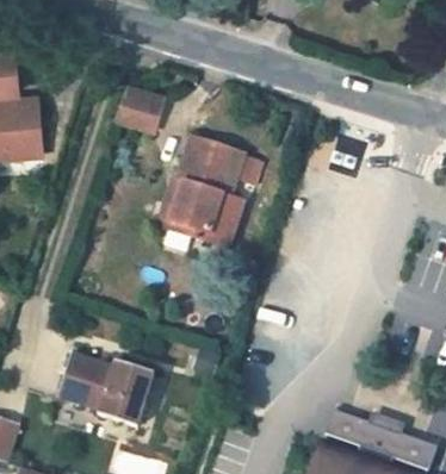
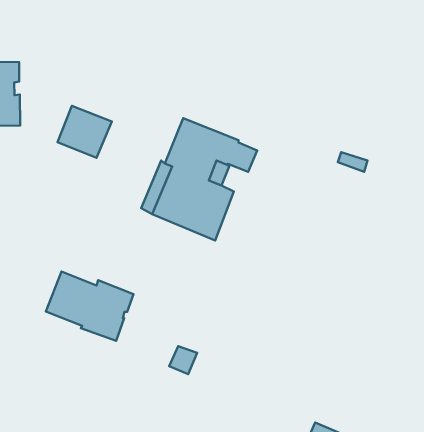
building: [114,86,163,132] -> [58,106,112,158]
building: [61,353,141,413] -> [46,271,133,341]

